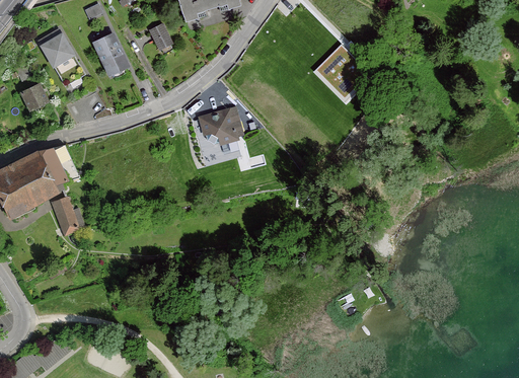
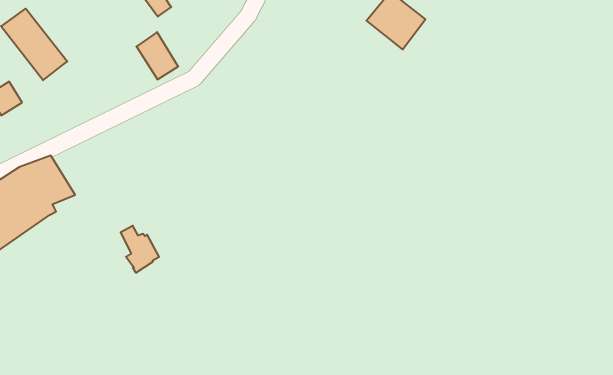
building: [95,35,126,72] -> [136,32,178,79]
building: [201,108,242,144] -> none
building: [57,200,84,236] -> [121,226,159,273]

